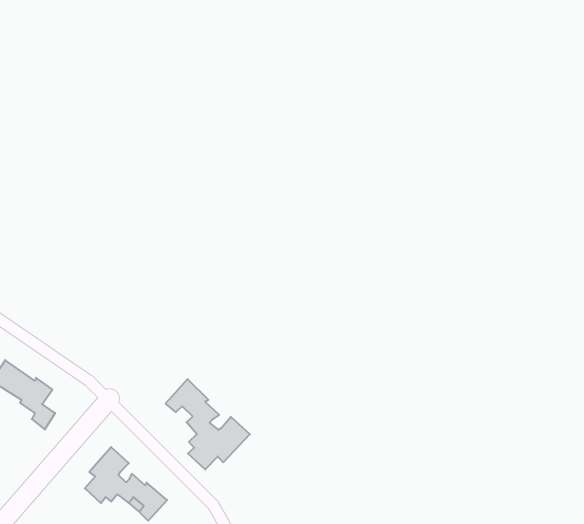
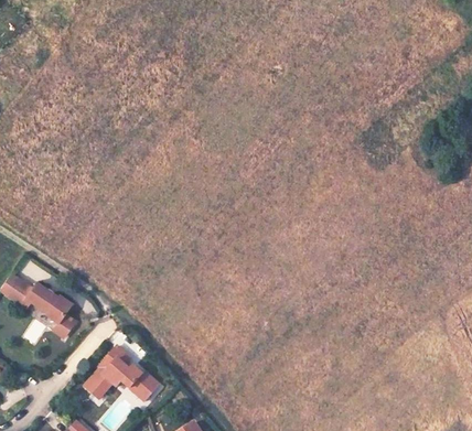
building: [166,379,250,470] -> none

